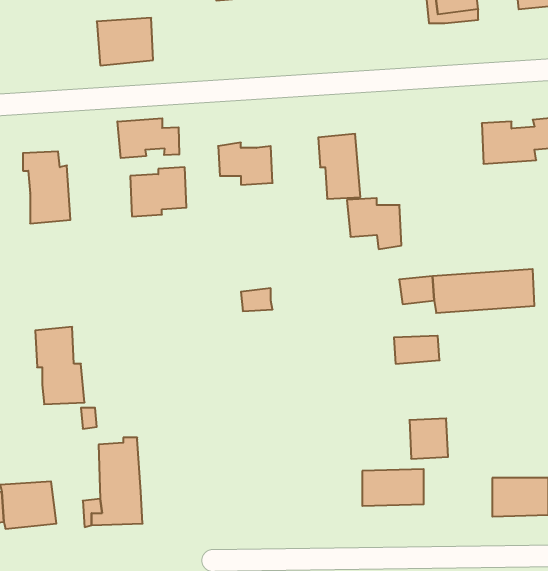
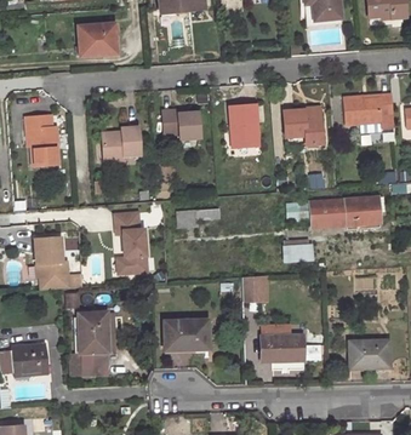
building: [117,118,179,158] -> none
building: [347,198,401,249] -> [284,109,321,144]
building: none -> [114,212,147,273]
building: [409,418,448,459] -> [242,274,269,302]
building: none -> [164,320,209,349]

